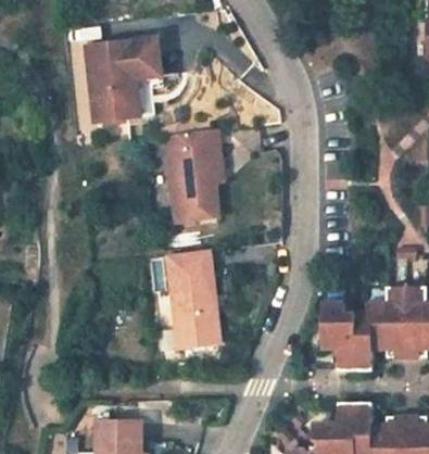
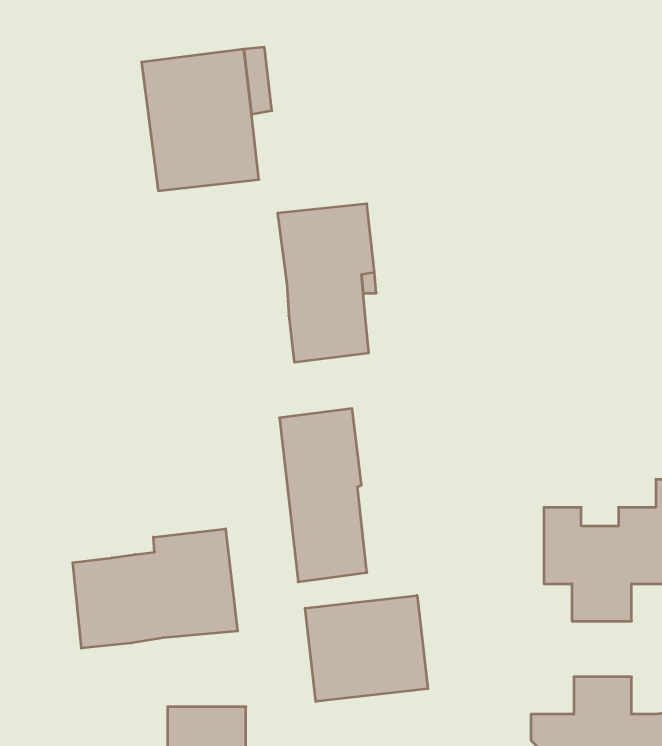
building: none -> [73,529,238,648]
building: none -> [305,595,428,702]

